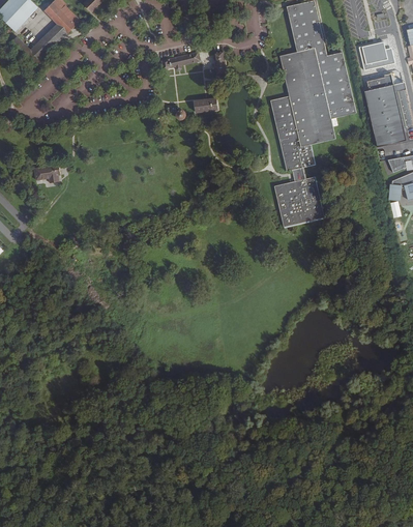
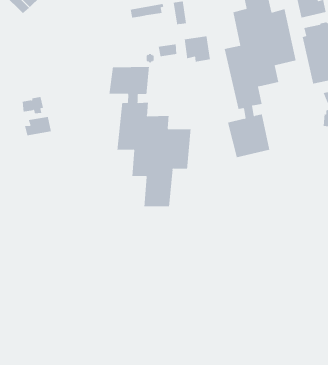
building: none -> [184,35,210,62]
building: none -> [109,66,191,207]
building: none -> [25,116,51,136]

